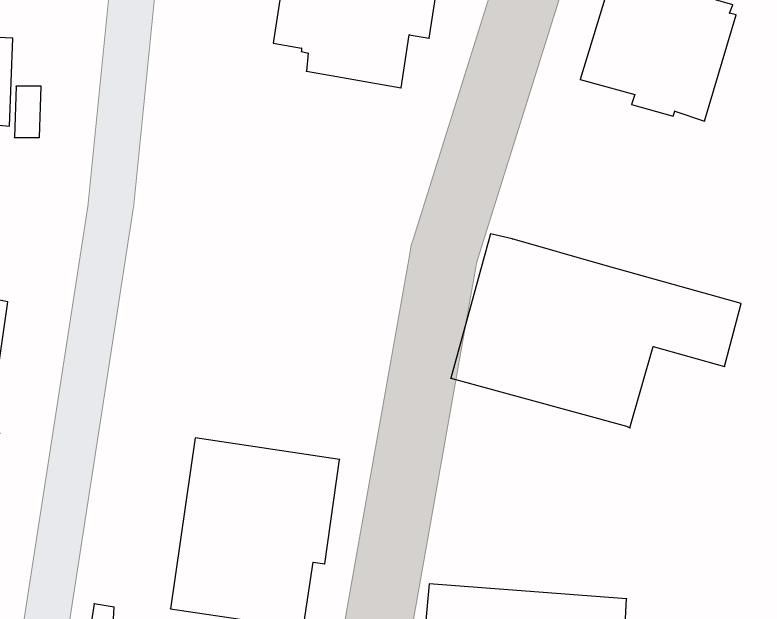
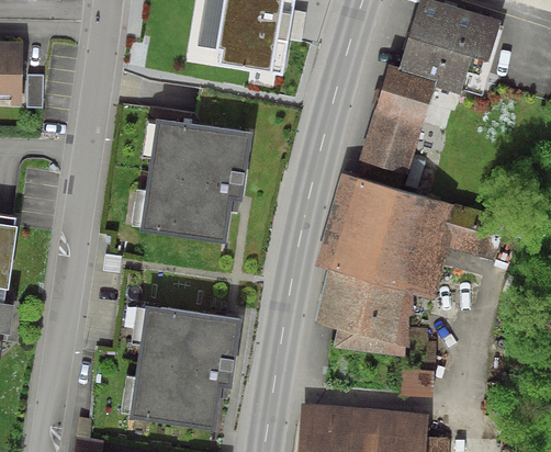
building: none -> [355,64,436,191]
building: none -> [138,118,251,242]
building: none -> [315,269,430,354]

